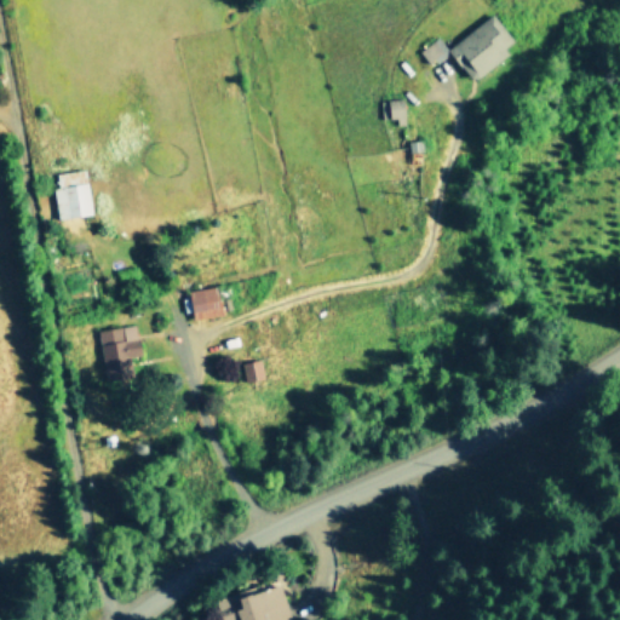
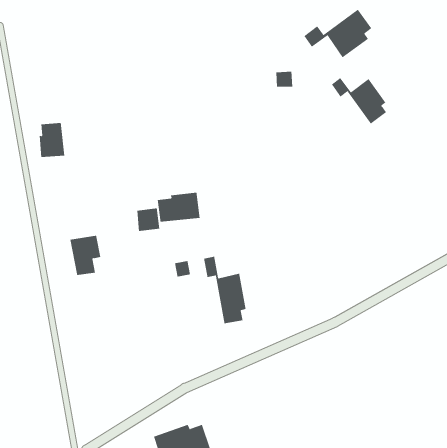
building: none -> [331,77,387,124]
building: none -> [157,192,200,223]
building: none -> [204,256,246,324]

